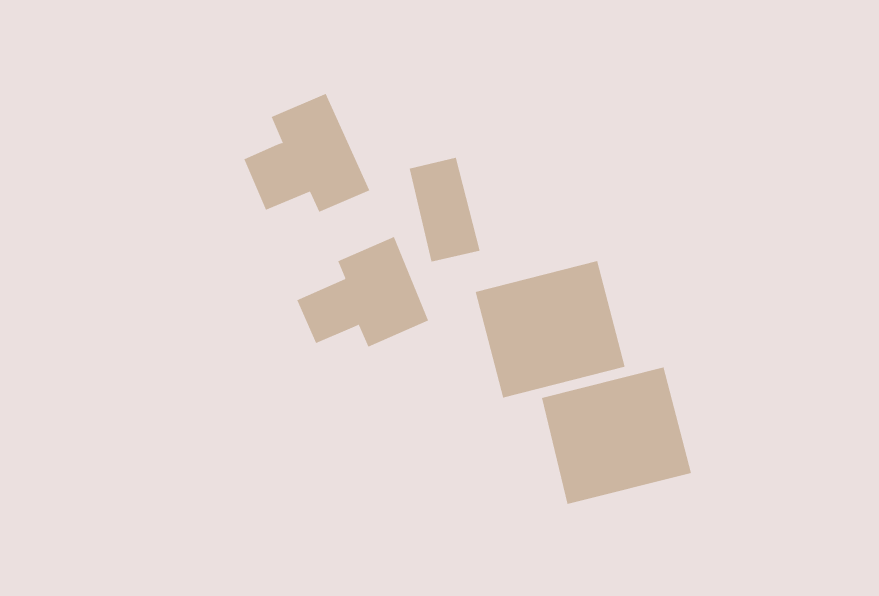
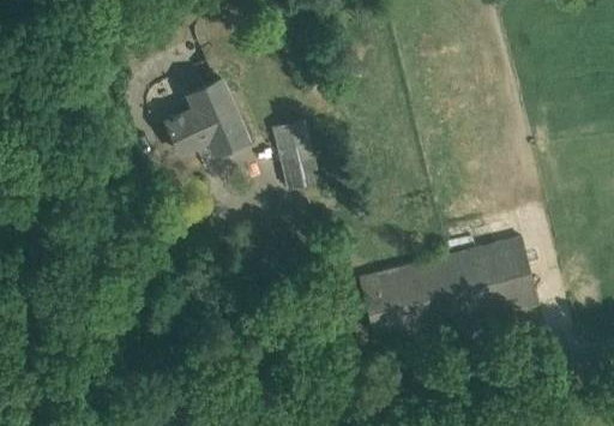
building: [297,236,429,347] -> none
building: [475,260,625,398] -> [440,236,538,326]

